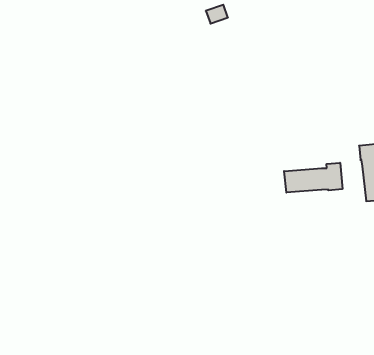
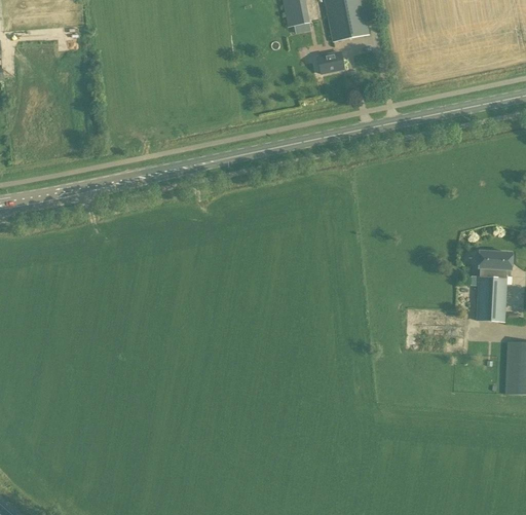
building: [284,163,342,193] -> none

